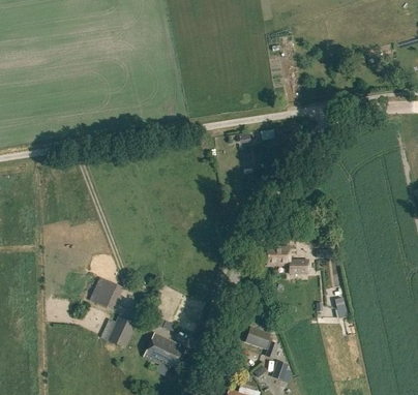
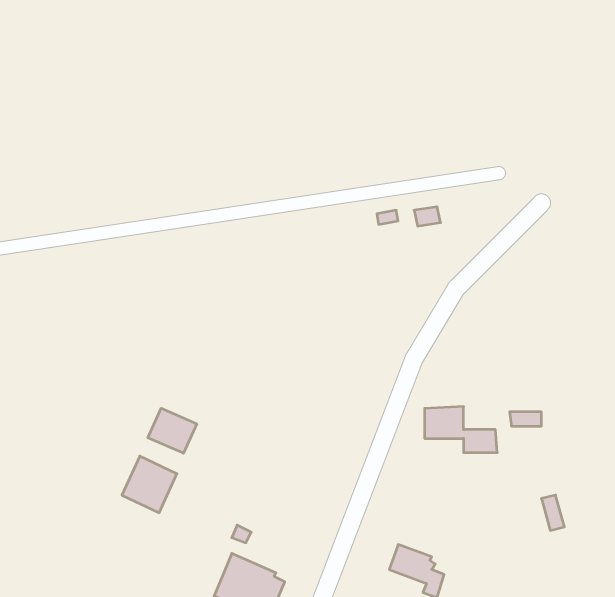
building: none -> [148,408,197,453]
building: [101,311,137,347] -> none

